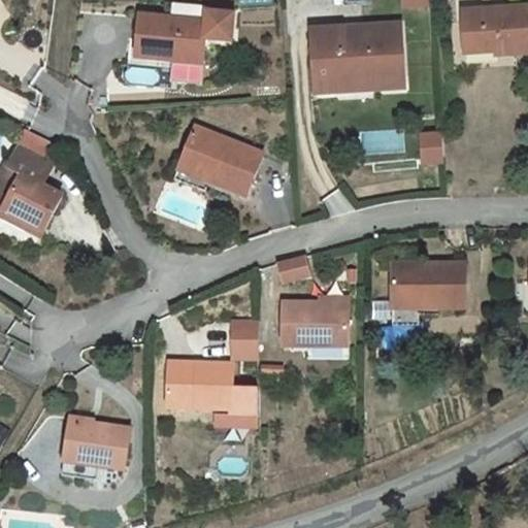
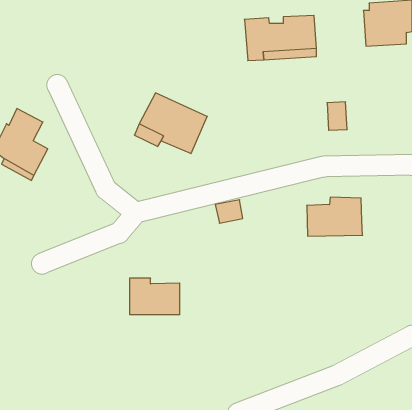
building: [135,8,232,62] -> none
building: [284,298,351,355] -> none
building: [228,316,255,353] -> none
building: [228,383,256,414] -> none
building: [59,423,128,484] -> none

